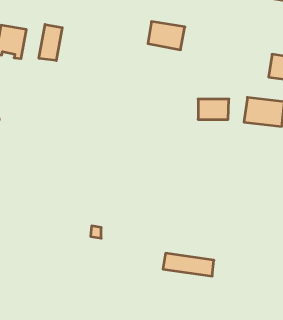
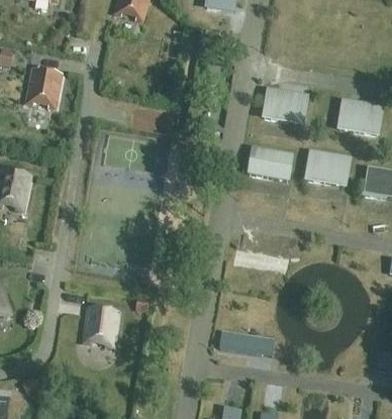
building: [148,22,185,50] -> [263,90,305,122]
building: [39,24,62,61] -> none
building: none -> [82,307,116,345]

